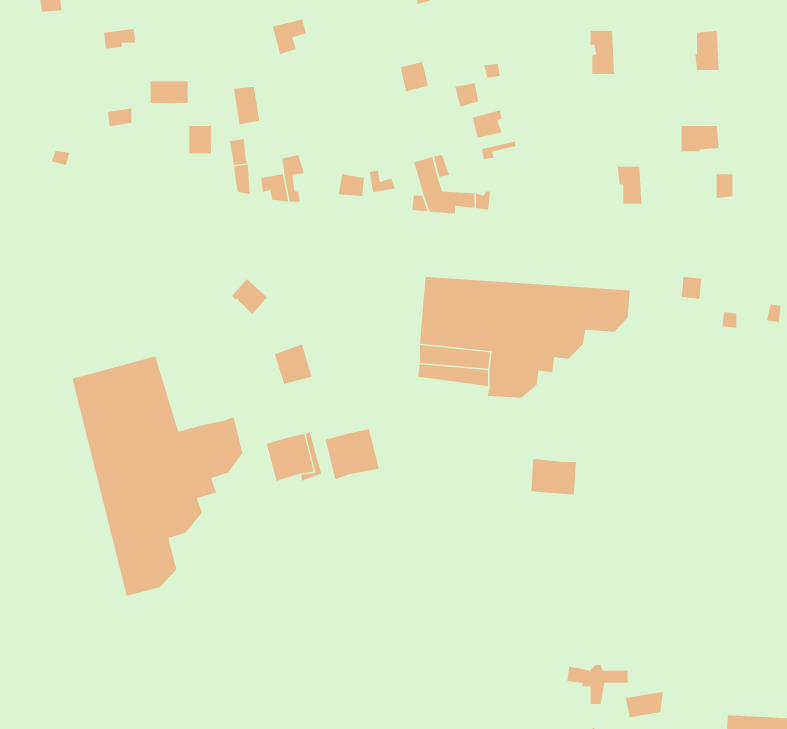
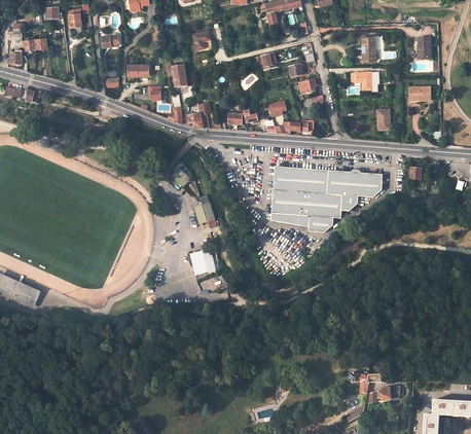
building: none -> [349,72,377,93]
building: [72,355,243,596] -> none
building: [325,428,380,480] -> none
building: [530,458,577,495] -> none

